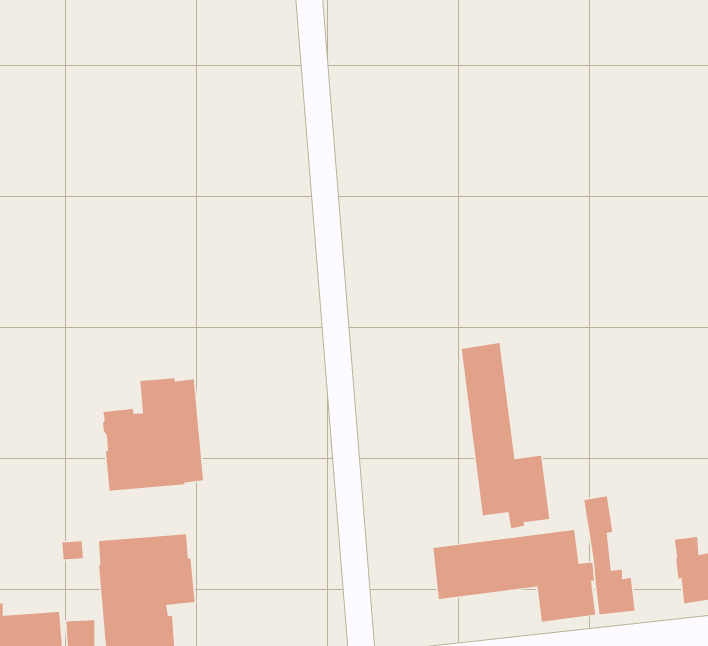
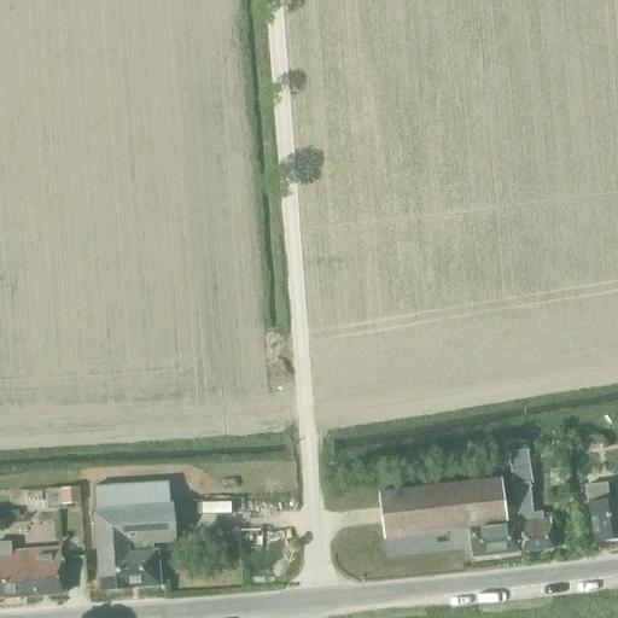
building: [461,342,550,529] -> none
building: [102,378,204,492] -> none

